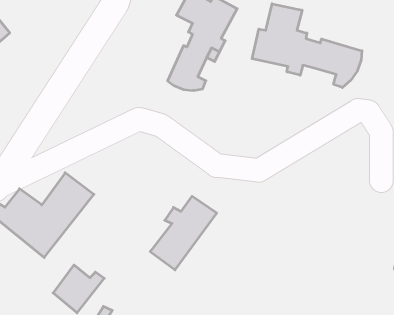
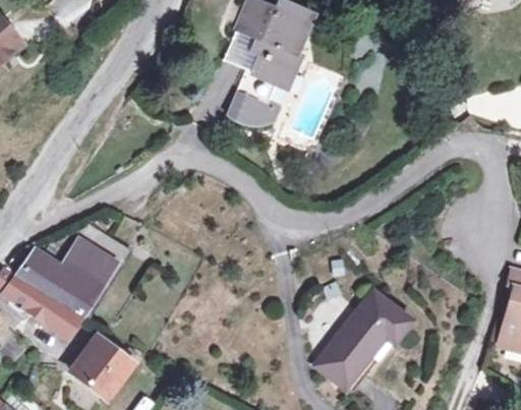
building: [252,4,362,88] -> none
building: [150,196,217,270] -> [315,292,400,386]

